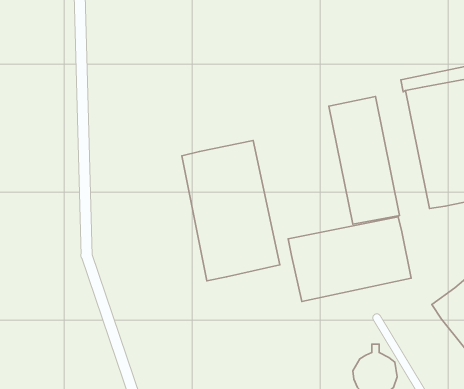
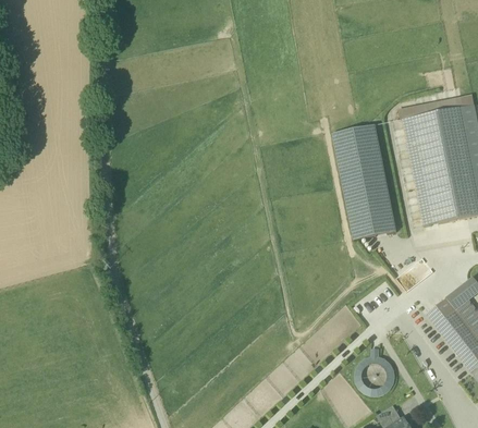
building: [182,140,280,281] -> none
building: [288,217,411,301] -> none

